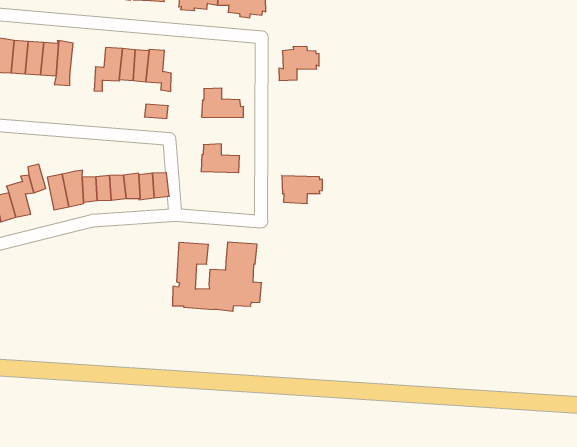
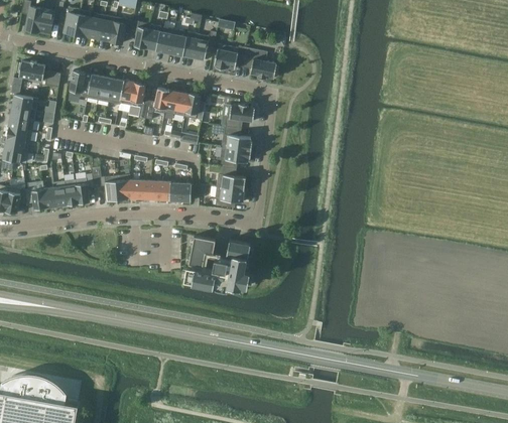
building: none -> [127,83,148,119]
building: [279,47,319,81] -> [225,104,256,128]
building: none -> [220,147,251,168]
building: [282,176,322,203] -> [215,186,245,208]

